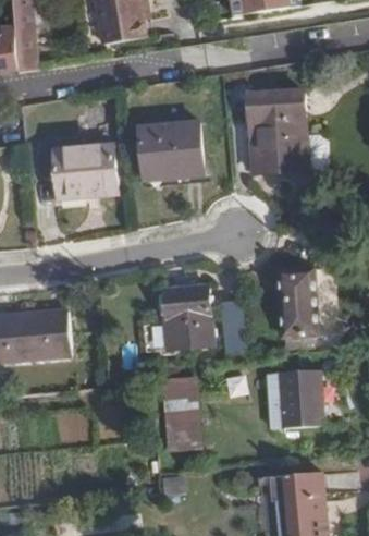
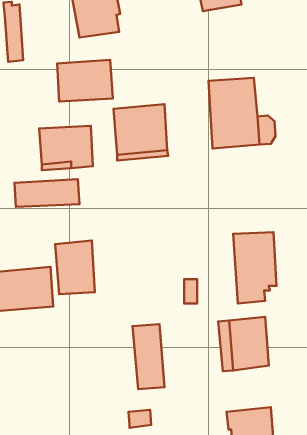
building: none -> [57,60,113,101]
building: none -> [14,179,79,207]
building: [162,284,208,346] -> [55,240,95,294]

